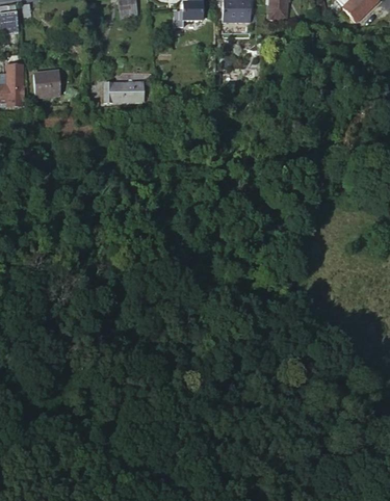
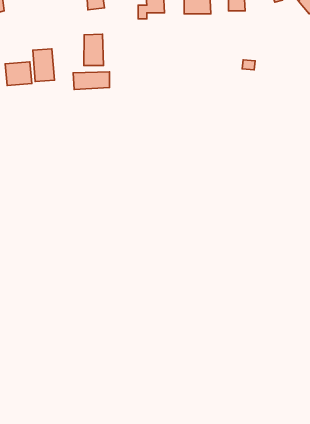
building: none -> [84,34,104,66]
building: none -> [33,49,54,81]

